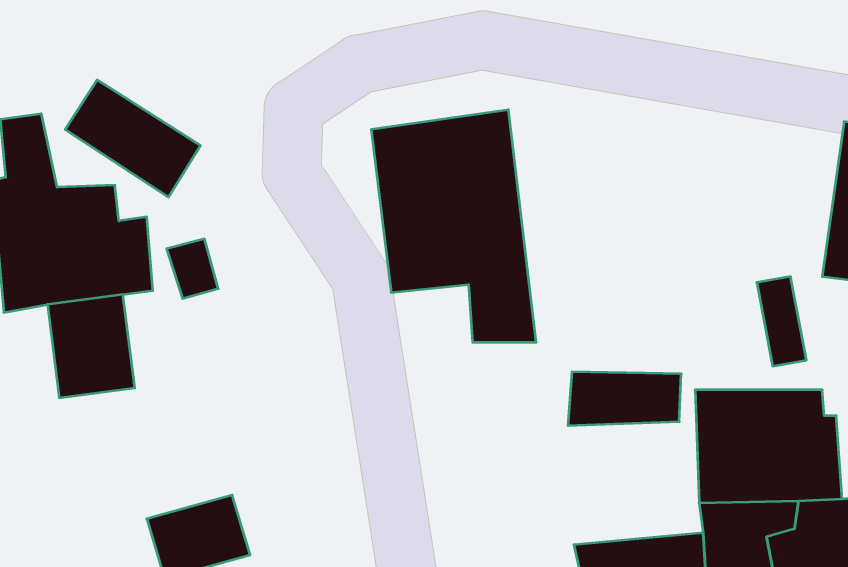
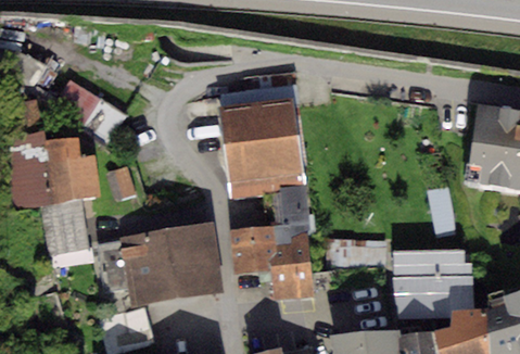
building: none -> [99,224,221,305]
building: none -> [231,225,315,301]

